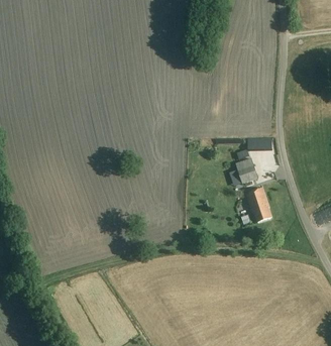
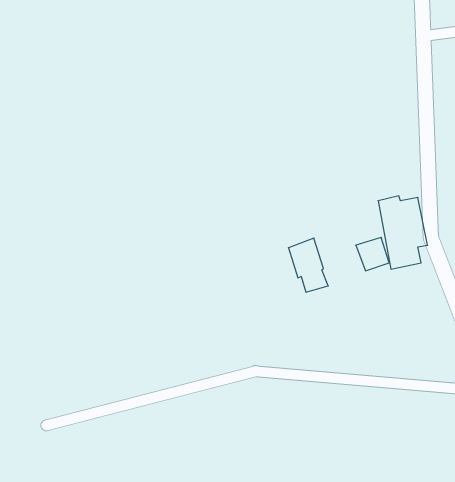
building: [245,187,270,221] -> [288,238,328,292]

